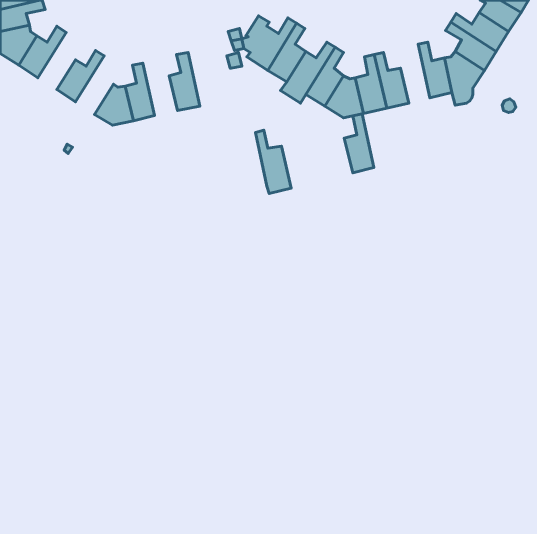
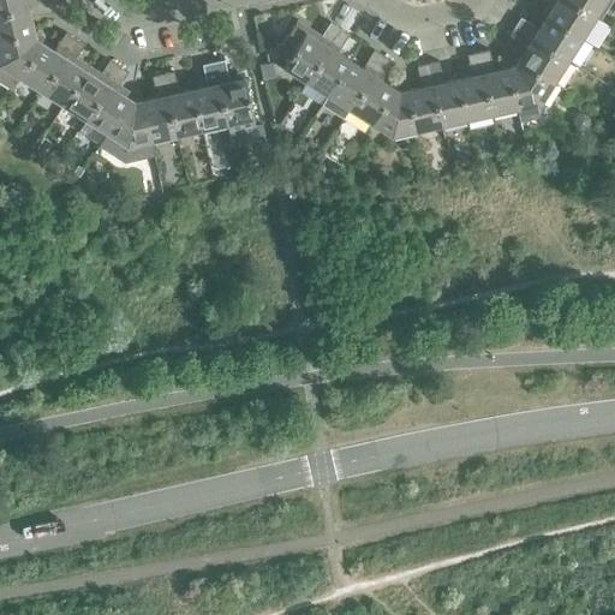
building: none -> [43,41,86,106]
building: none -> [86,67,130,135]
building: none -> [163,73,203,136]
building: [344,114,374,173] -> [458,54,491,121]
building: [255,130,291,193] -> [215,61,256,133]

